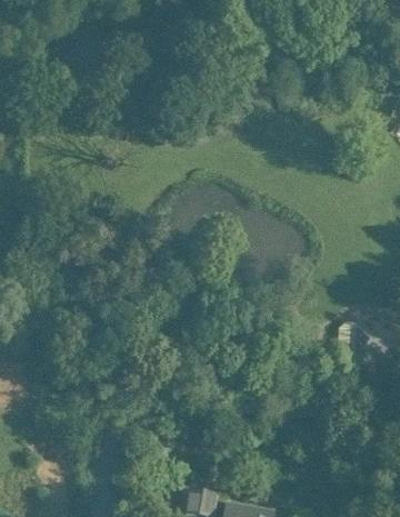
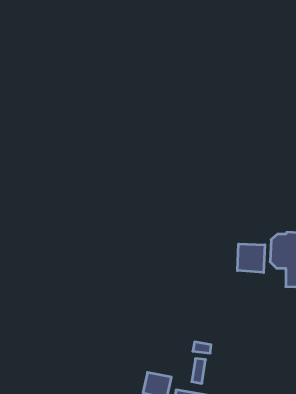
building: none -> [237,244,265,273]

